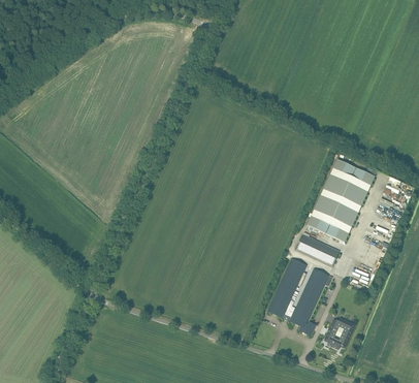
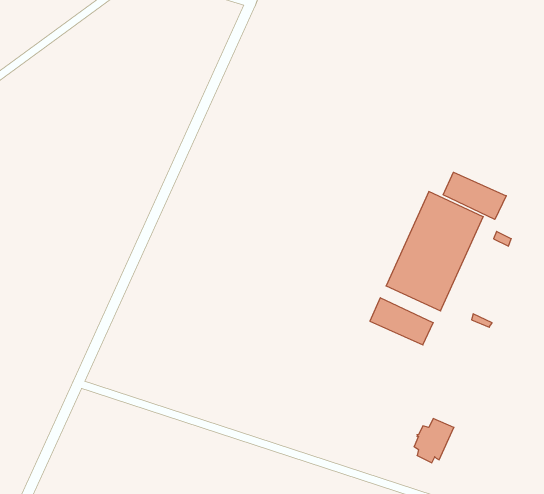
building: none -> [443,172,506,219]
building: [267,257,328,334] -> none

